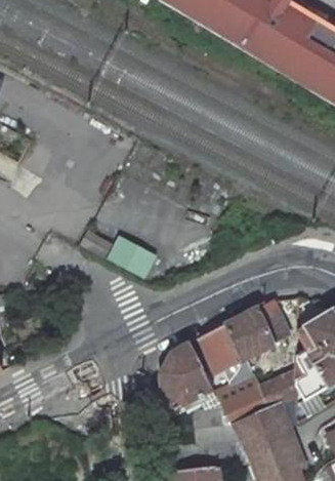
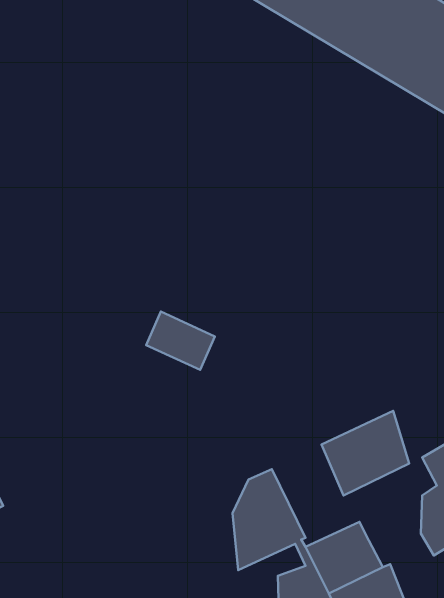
building: [200,325,243,374] -> none
building: [258,334,298,411] -> none

